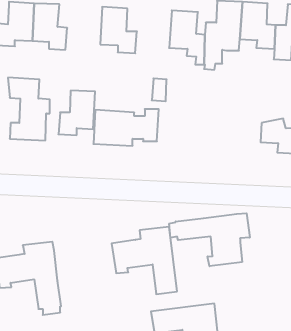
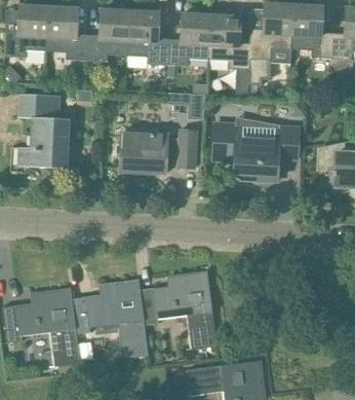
building: none -> [168,13,211,66]
building: [58,91,95,135] -> [86,9,129,62]
building: none -> [212,123,300,181]
building: [169,213,250,266] -> none
building: none -> [73,279,150,357]

